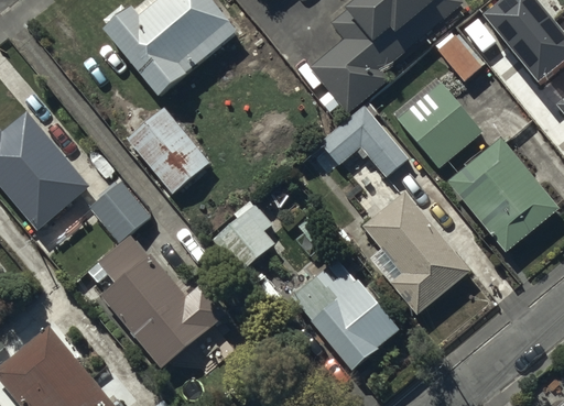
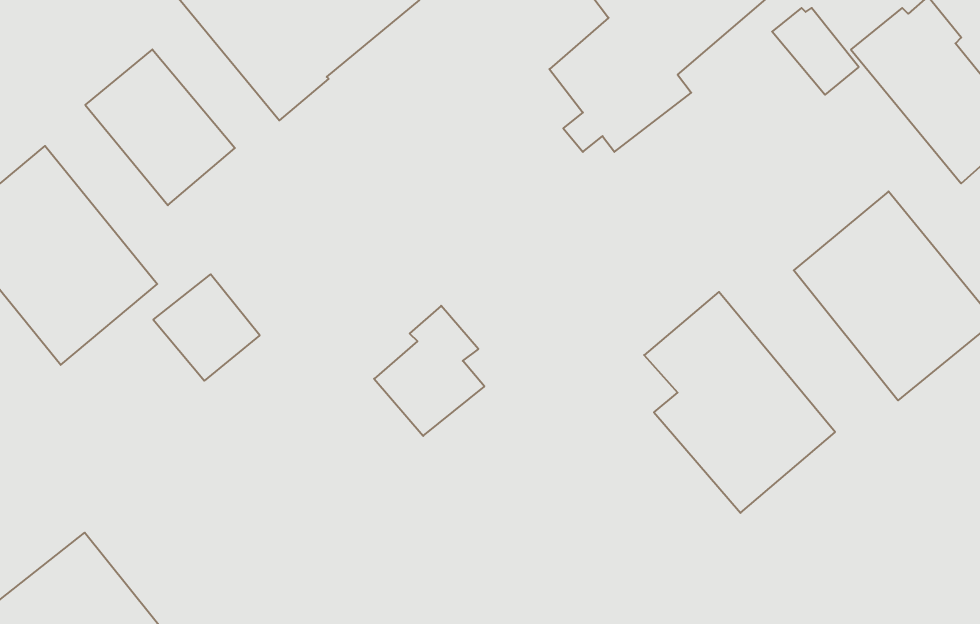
building: [392,77,481,167] -> none
building: [319,102,408,177] -> none
building: [126,107,209,194] -> [85,49,235,205]
building: [86,235,235,367] -> none
building: [292,260,399,369] -> none

